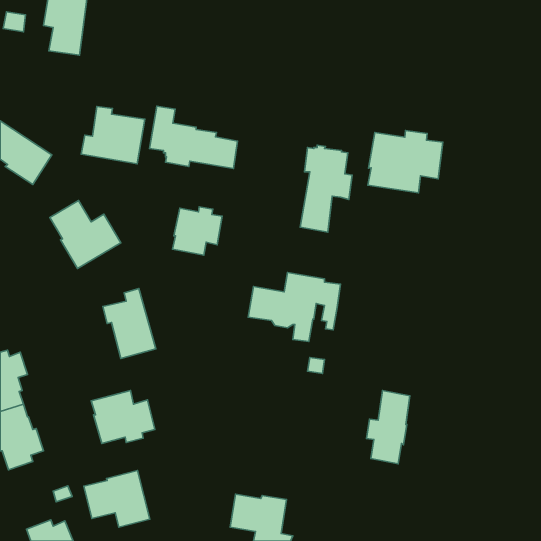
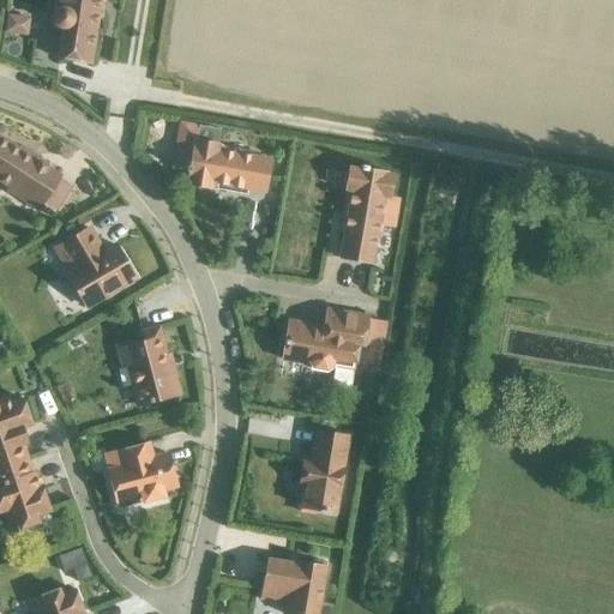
building: [81,106,145,164] -> none
building: [368,131,443,193] -> none
building: [173,207,222,255] -> none
building: [366,391,410,464] -> [299,429,348,512]
building: [84,471,150,527] -> none

